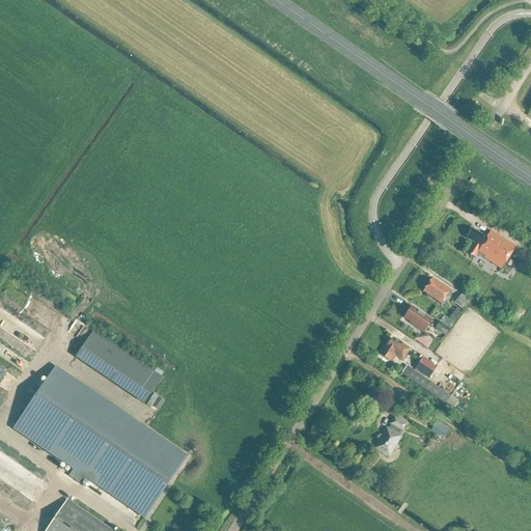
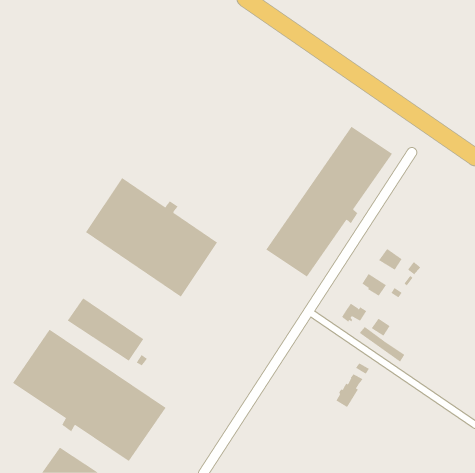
building: none -> [266,126,393,278]
building: none -> [85,177,218,297]
building: [466,228,514,266] -> none

